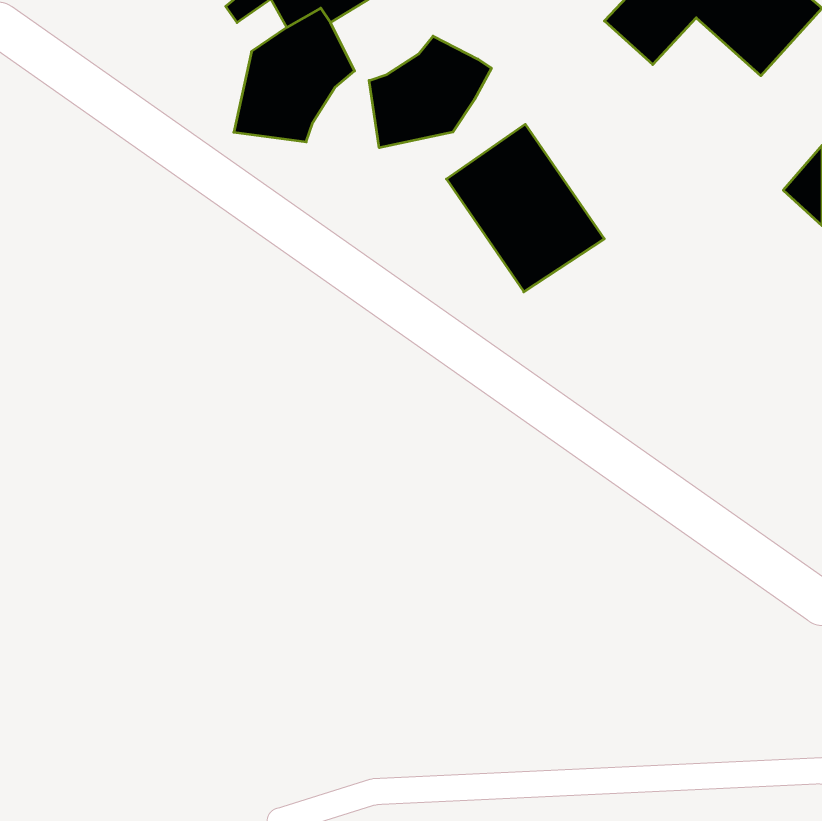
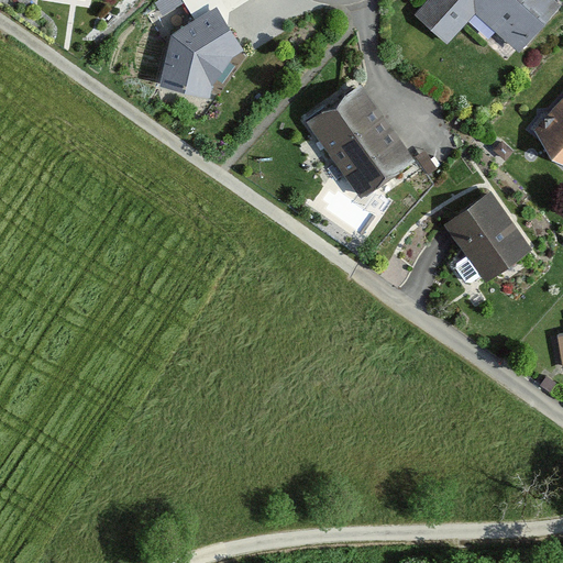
building: [369,36,491,148] -> none
building: none -> [444,191,529,279]

